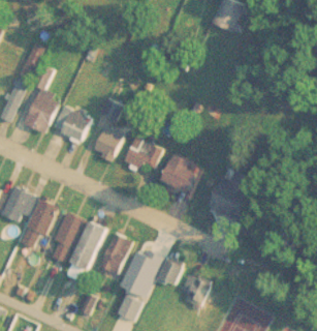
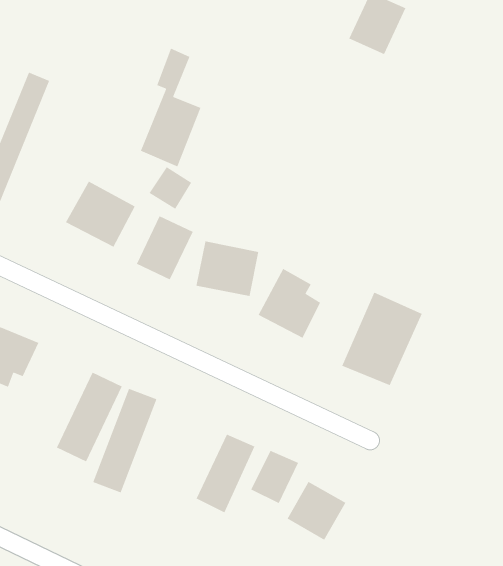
building: [23,66,58,134] -> [140,47,202,167]
building: [20,200,58,250] -> none
building: [98,234,132,276] -> none

